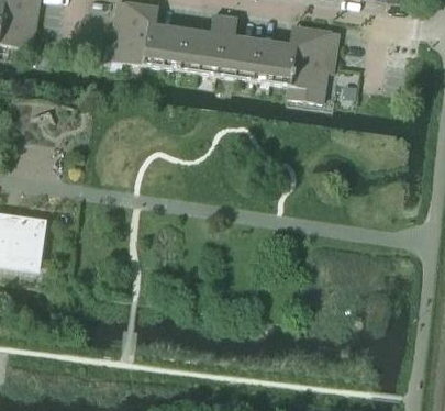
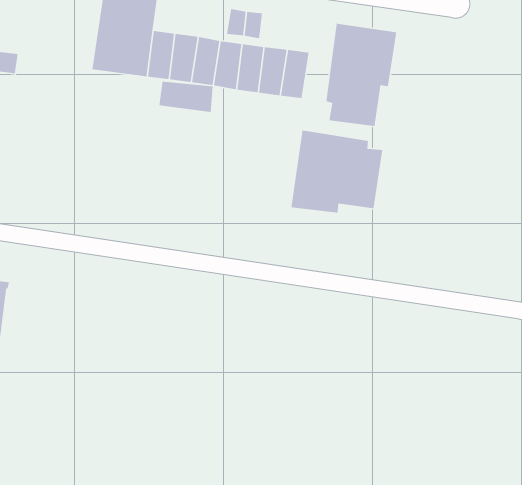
building: [267,46,289,84] -> none
building: none -> [159,81,213,113]
building: none -> [291,128,383,214]

